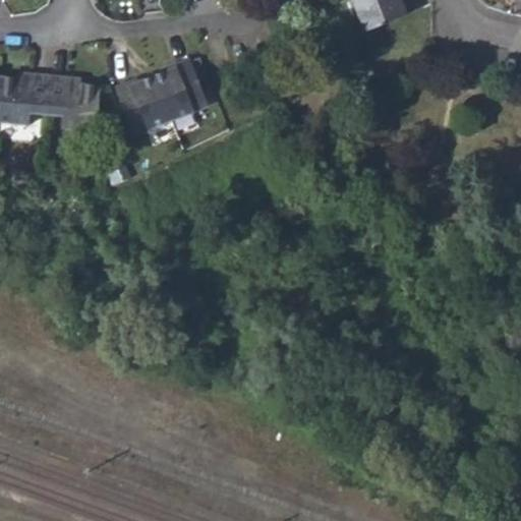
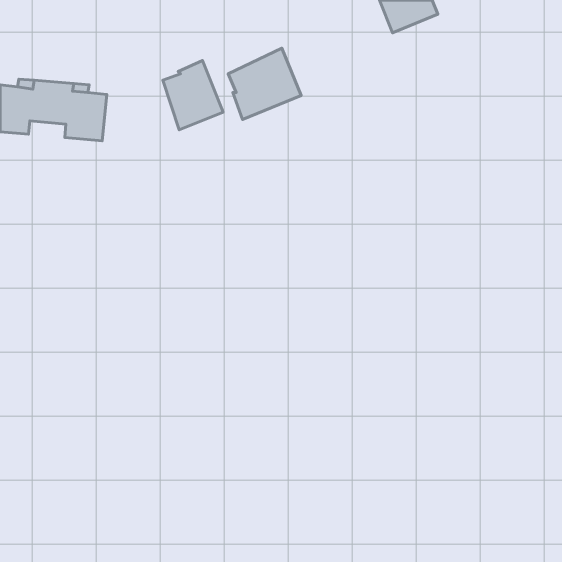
building: none -> [228,48,301,119]
building: [113,74,166,133] -> none

